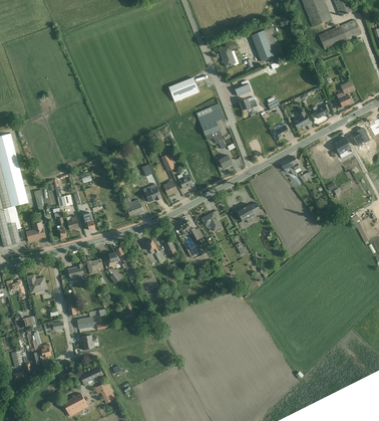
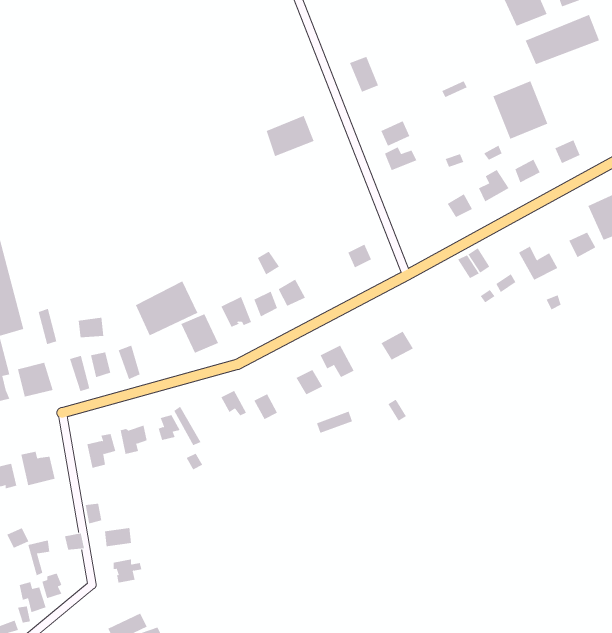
building: [252,26,284,60] -> [493,80,548,140]
building: [199,106,227,150] -> none
building: none -> [135,280,198,336]

